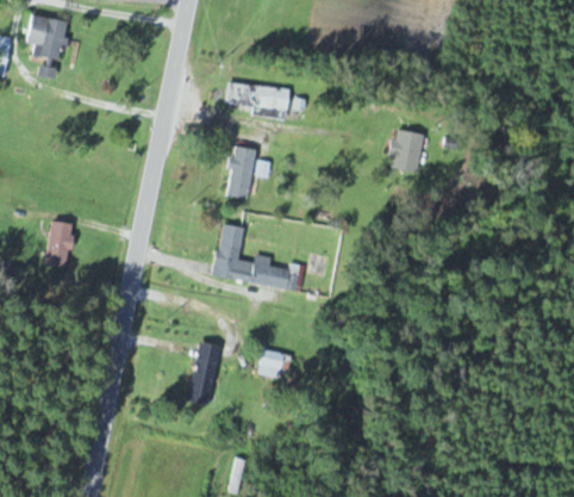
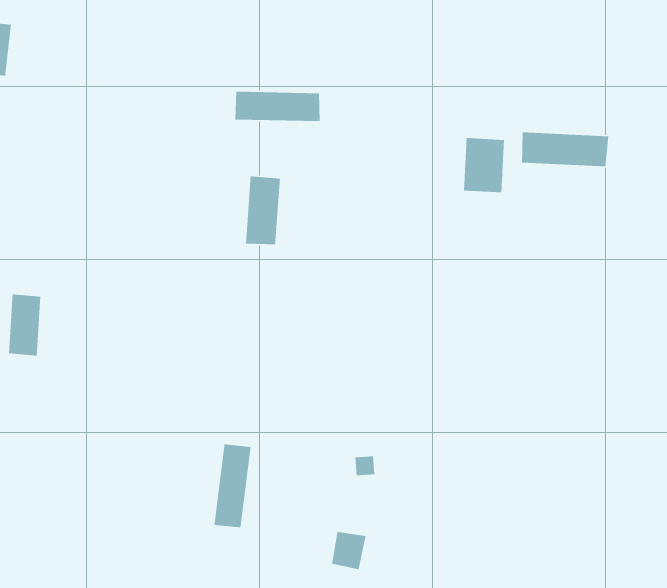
building: none -> [521,132,609,167]
building: [213,223,304,290] -> none
building: [258,348,286,378] -> [331,531,366,570]

